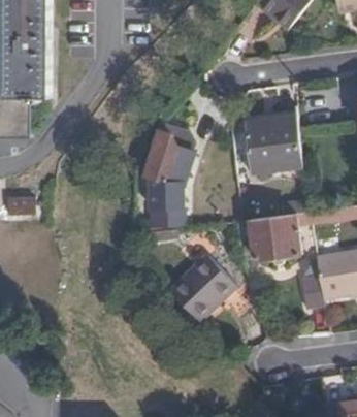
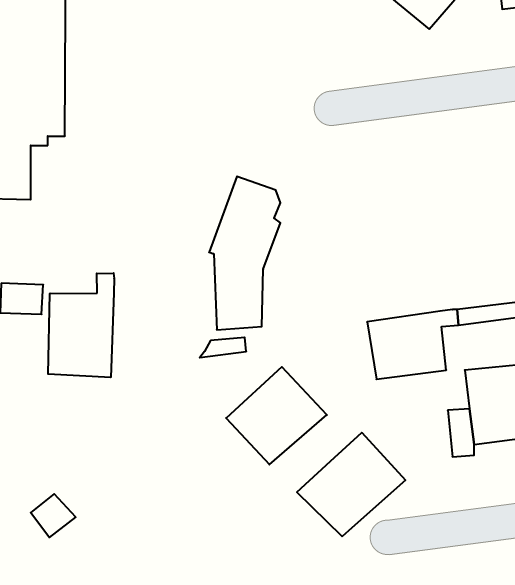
building: [244,116,301,173] -> none
building: none -> [48,273,114,377]
building: none -> [297,433,405,536]

